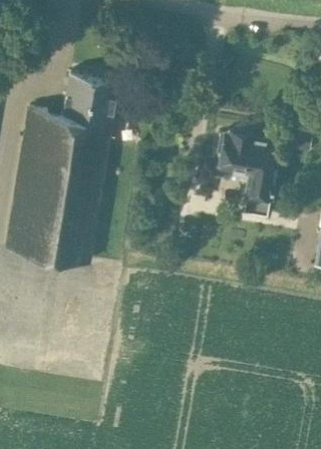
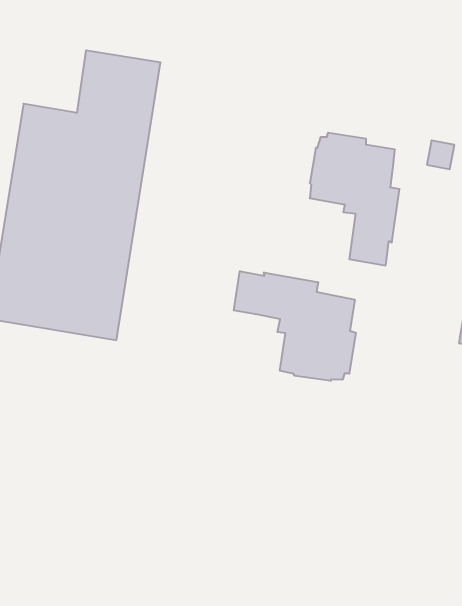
building: none -> [234,271,356,381]

